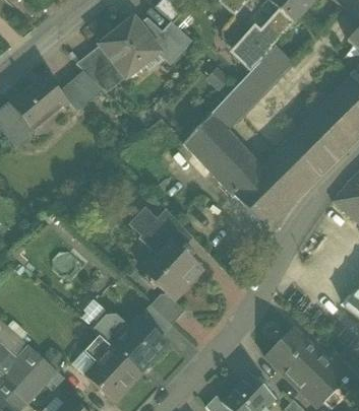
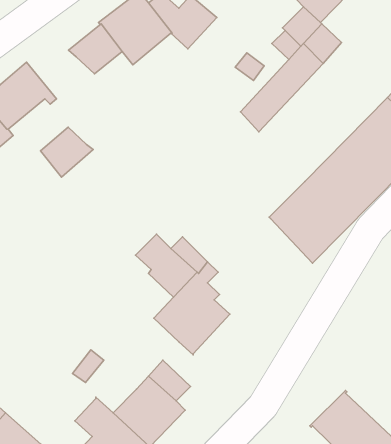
building: [63,71,104,110] -> [41,127,93,177]
building: [184,114,261,197] -> none
building: [152,291,186,326] -> none
building: [94,315,131,346] -> none

